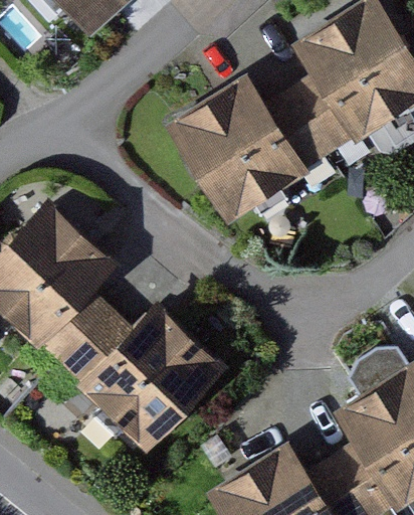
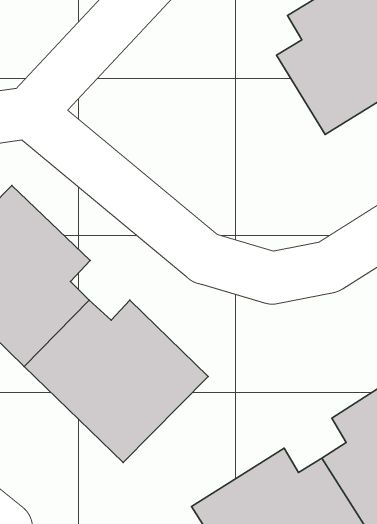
building: [169,73,332,219] -> none

